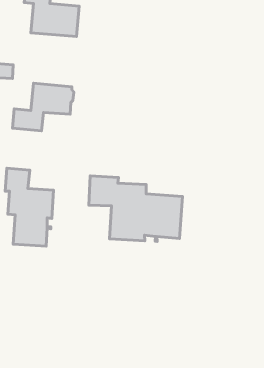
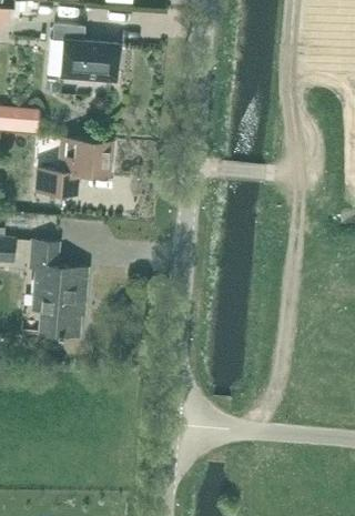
building: [89,176,183,241] -> none

